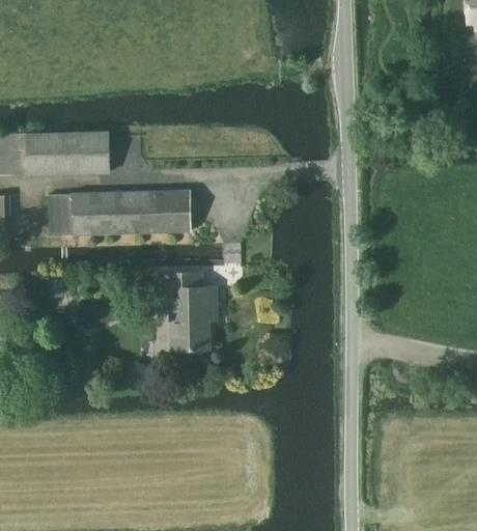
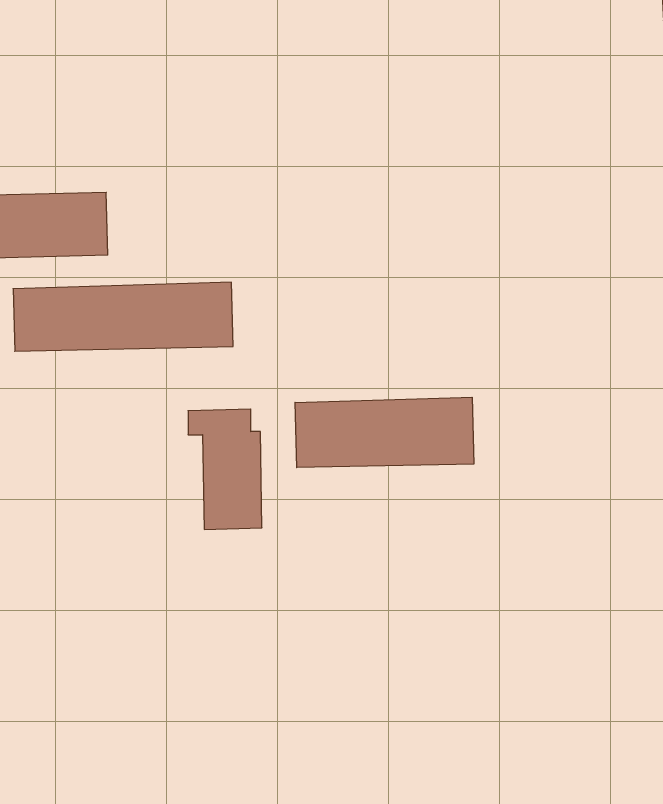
building: none -> [295,397,474,468]

